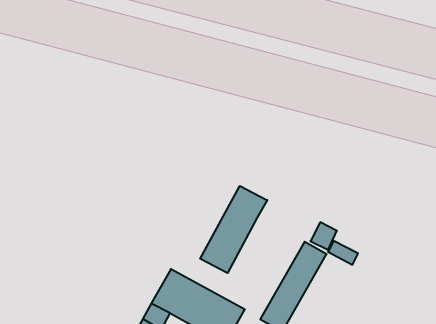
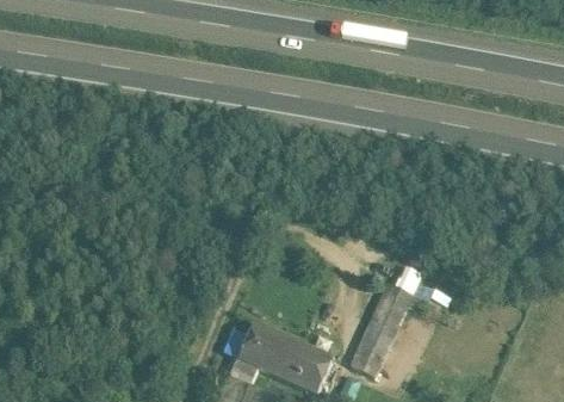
building: [200,186,267,273] -> none

